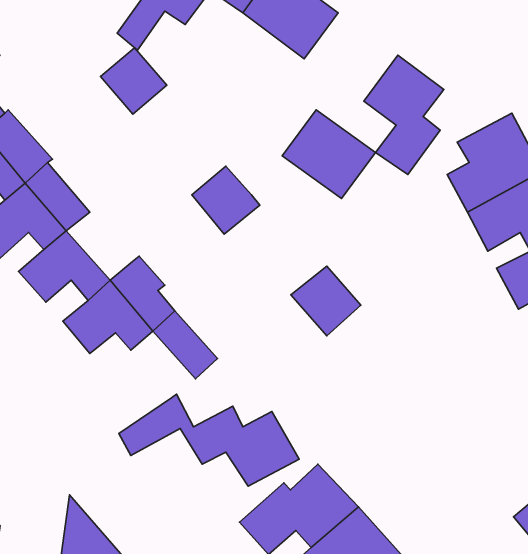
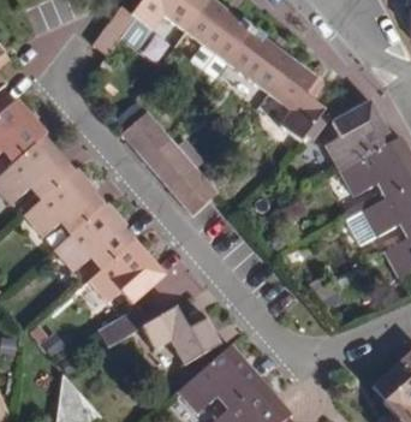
building: [100,48,167,114] -> [124,112,171,159]
building: [282,110,376,198] -> [226,30,292,93]
building: none -> [58,167,105,219]
building: [291,266,361,336] -> [169,166,219,215]
building: none -> [90,255,149,302]

